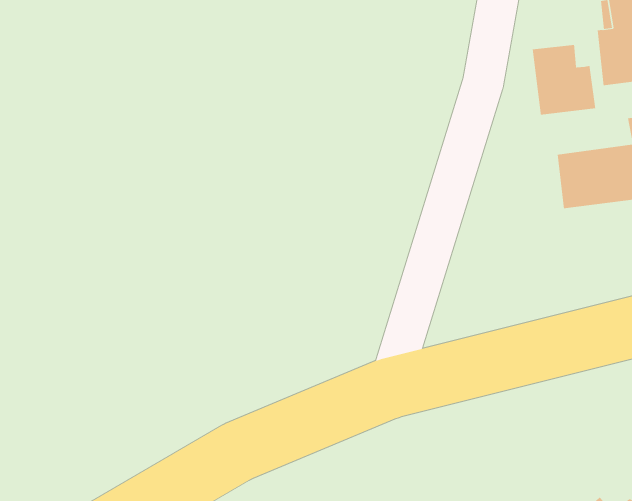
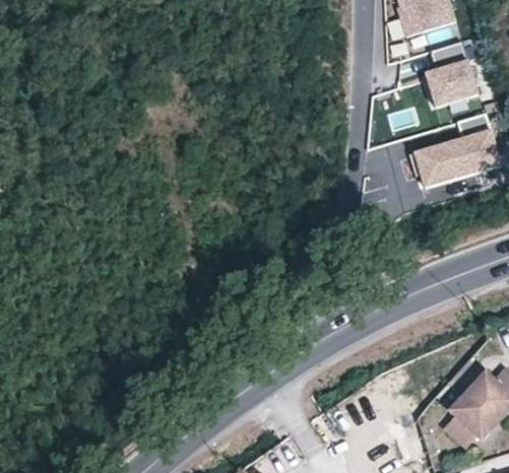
building: [532,44,596,115] -> none

